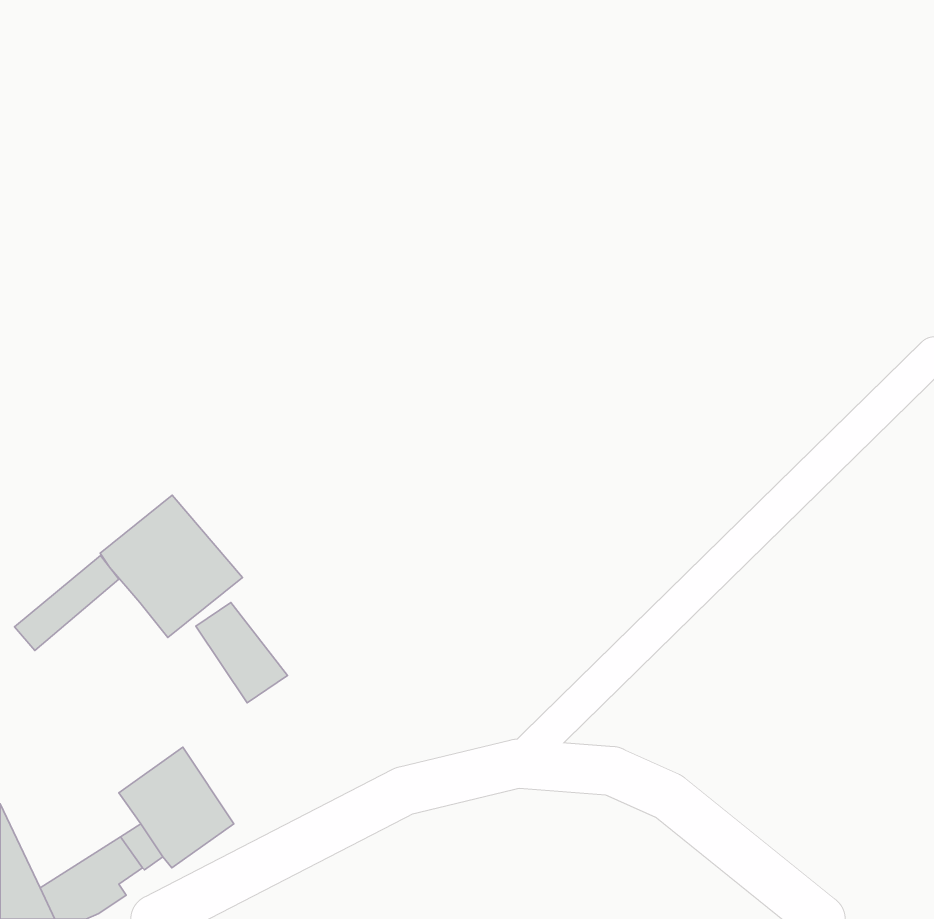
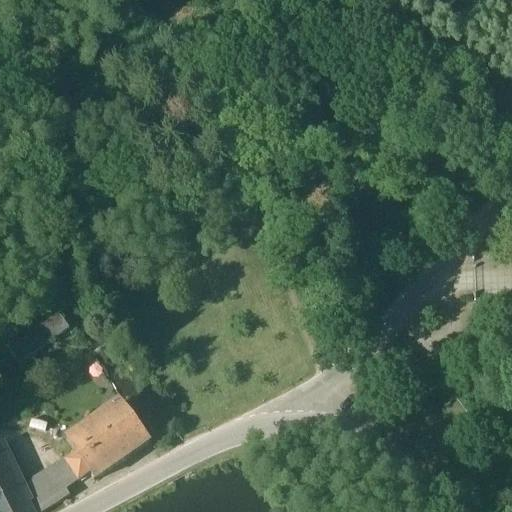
building: [100,495,243,637] -> none
building: [196,602,287,703] -> [100,396,150,451]

